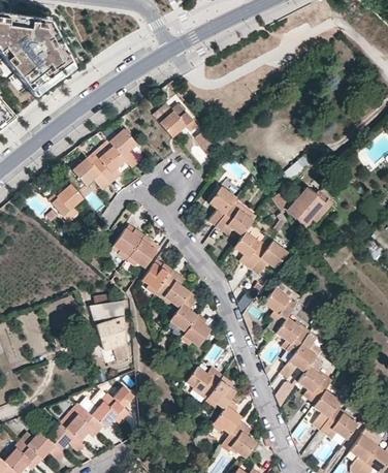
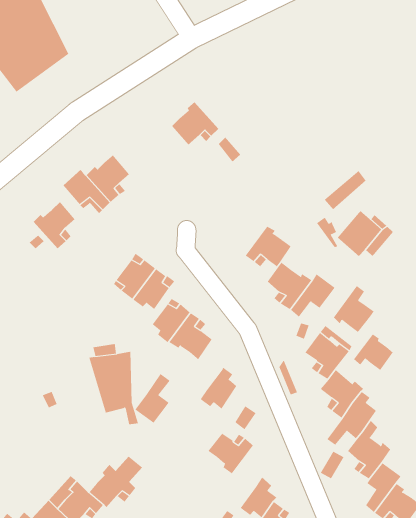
building: [107,127,137,167] -> none
building: [207,185,236,225] -> none
building: none -> [333,285,375,333]
building: none -> [353,334,394,371]
building: [169,292,198,333] -> [134,373,171,424]
building: [205,377,236,410] -> none

